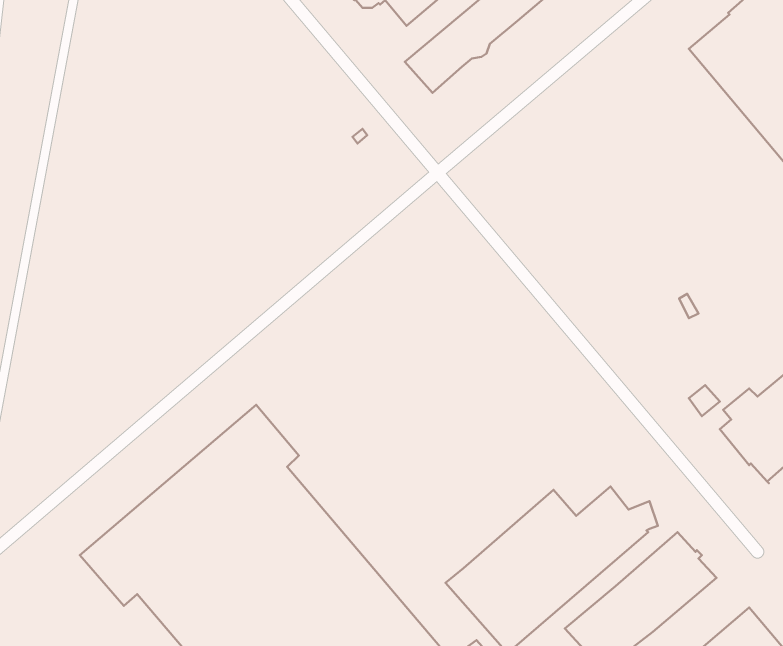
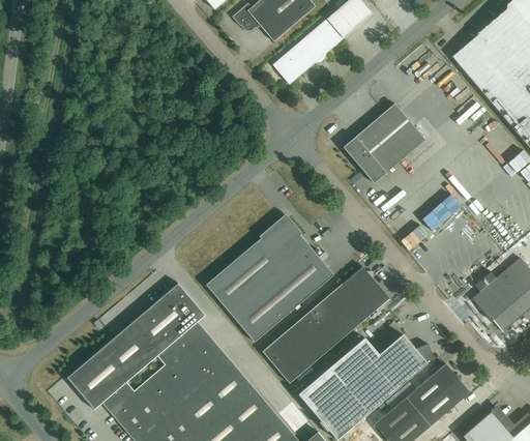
building: none -> [344,105,424,183]
building: none -> [206,217,333,343]
building: none -> [261,266,389,383]

